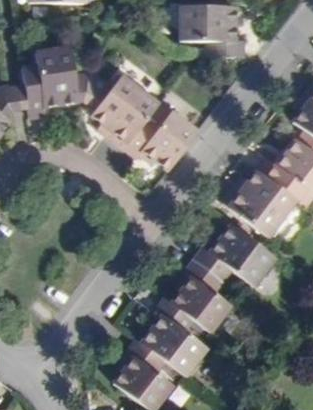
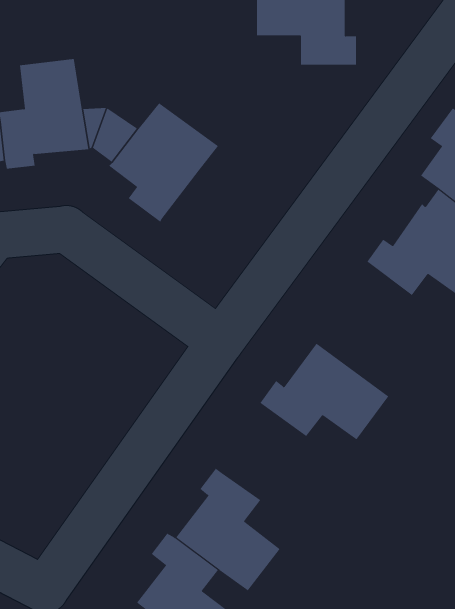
building: [128,110,203,166] -> none
building: [215,168,288,233] -> none
building: [165,258,224,330] -> none

